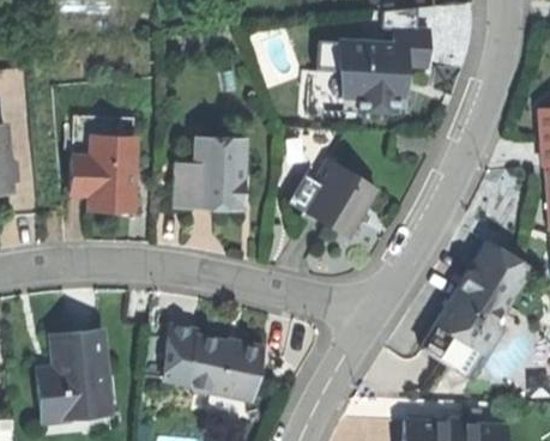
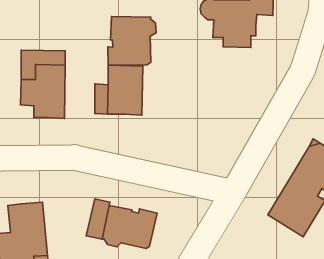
building: none -> [108,16,156,65]
building: [308,161,377,237] -> none

